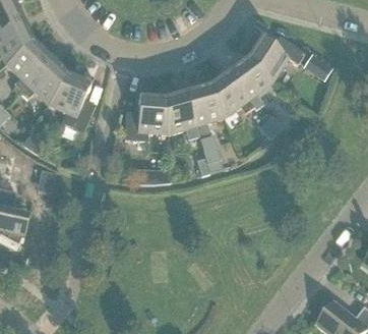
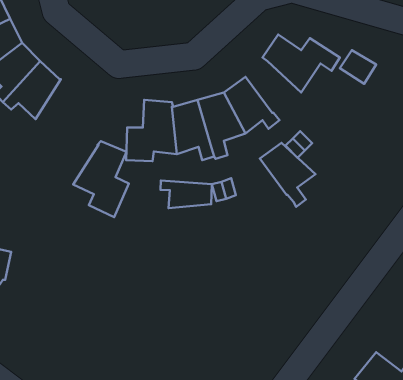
building: [225,56,271,110] -> [260,143,315,207]
building: [48,68,95,132] -> [73,141,129,217]
building: none -> [160,180,212,208]

